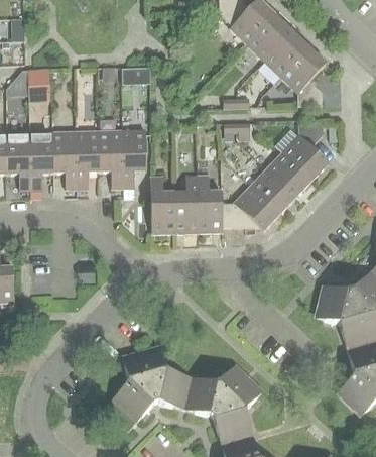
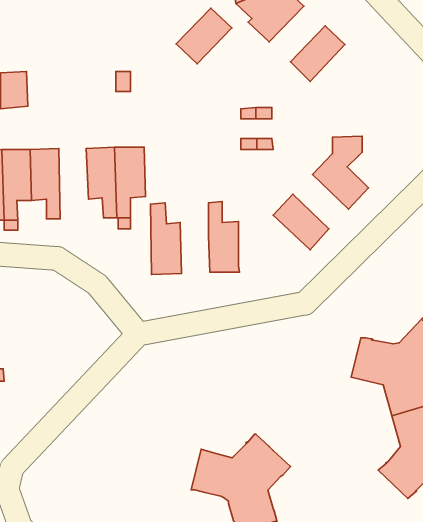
building: [247,14,292,60] -> [176,8,232,64]
building: [280,45,326,105] -> none
building: [76,130,100,188] -> none
building: [266,151,311,196] -> none
building: [174,175,199,232] -> none
building: [222,185,280,230] -> none
building: [104,343,192,430] -> none

